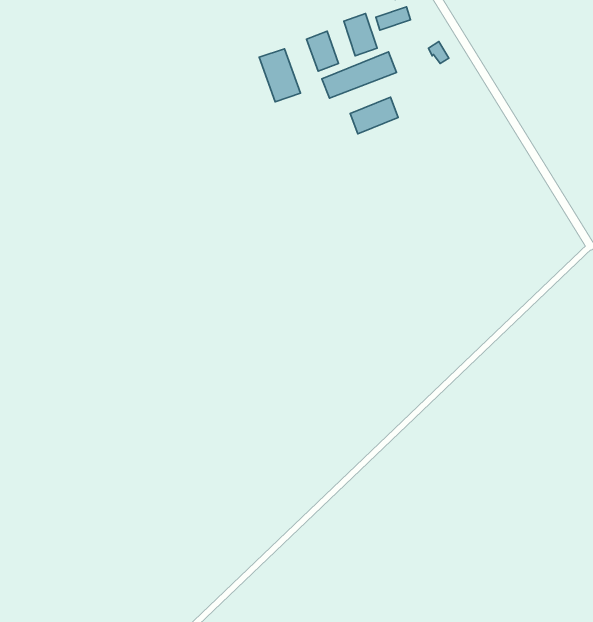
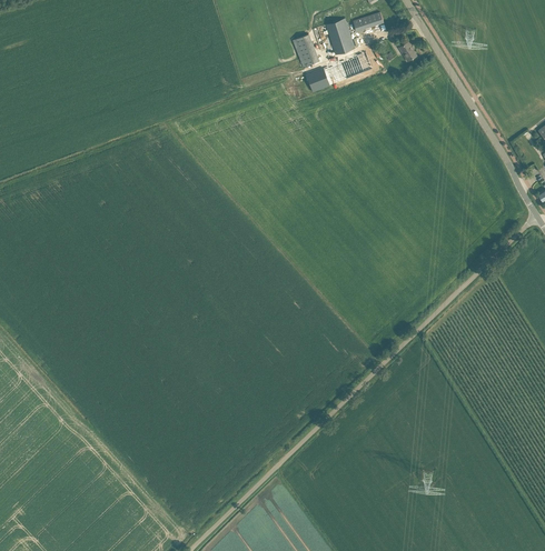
building: [259,49,300,102] -> none
building: [350,97,398,134] -> none

